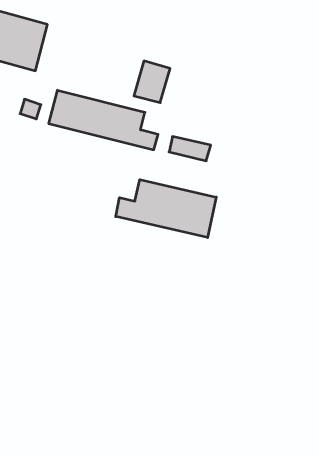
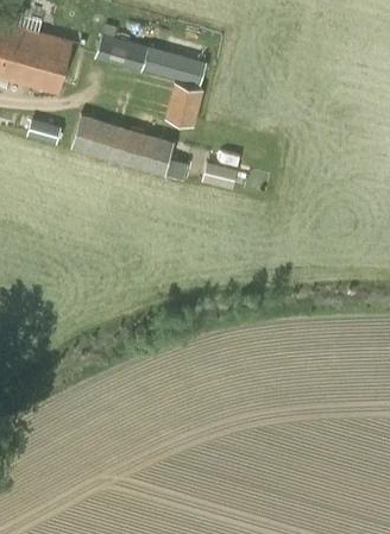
building: none -> [95,36,203,86]
building: [116,180,216,238] -> none

